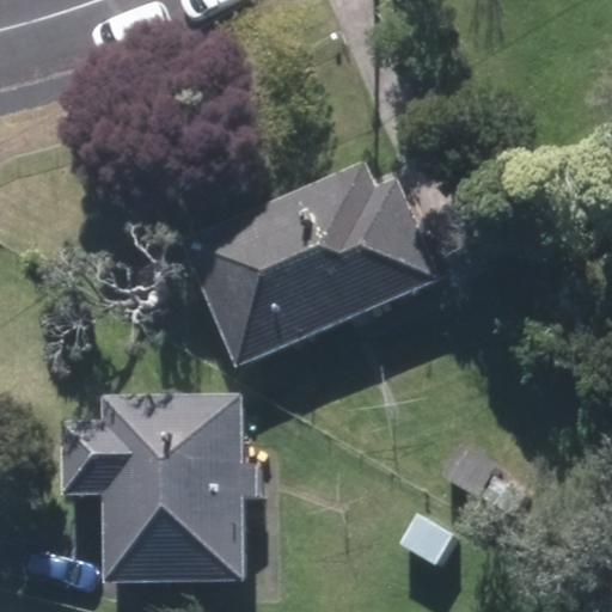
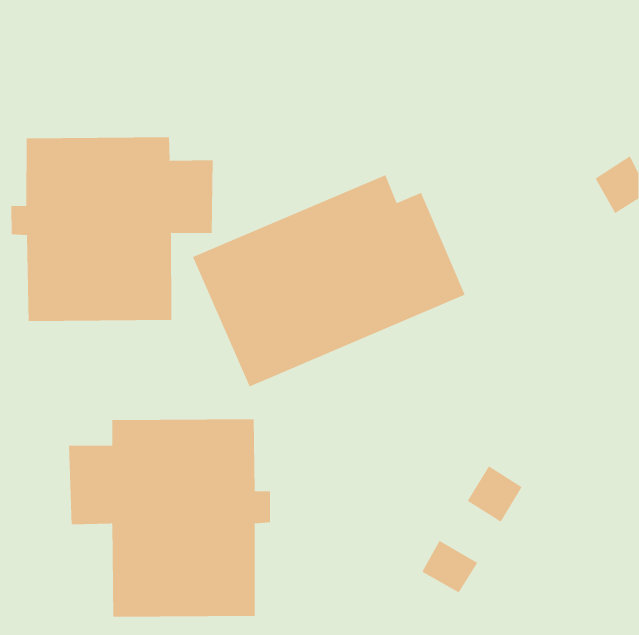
building: none -> [11,137,213,322]

